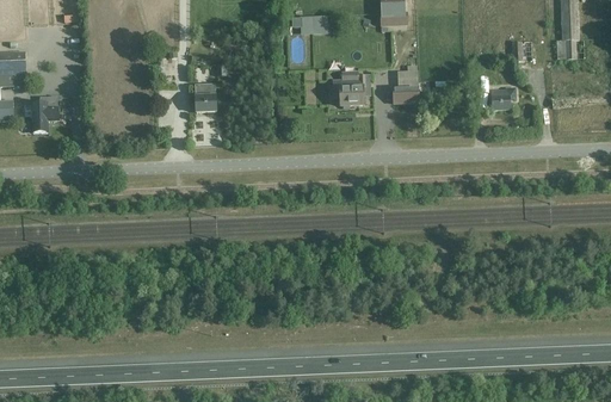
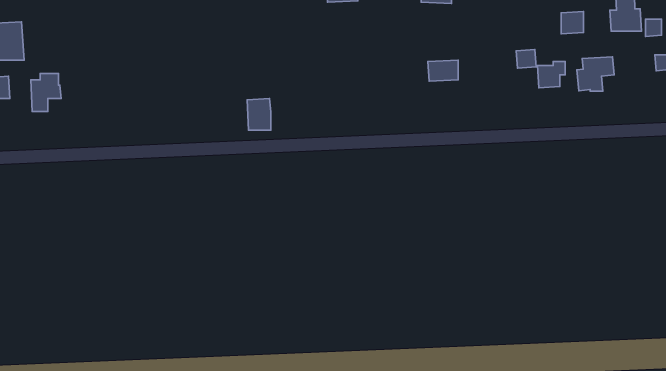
building: [331,69,366,105] -> none
building: none -> [577,57,614,91]
building: [193,82,215,111] -> [247,99,271,130]

